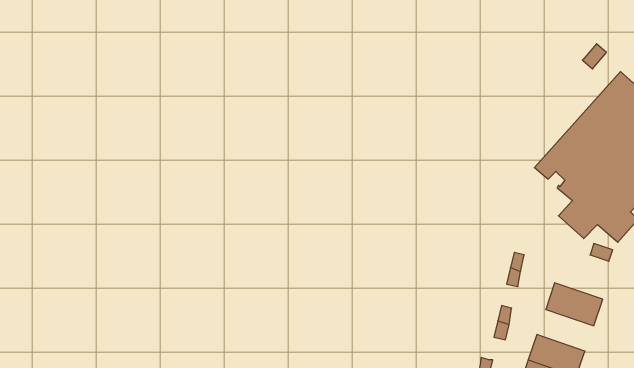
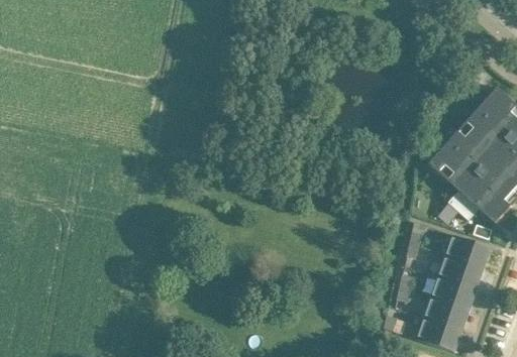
building: none -> [444,234,491,268]
building: none -> [430,276,476,310]

